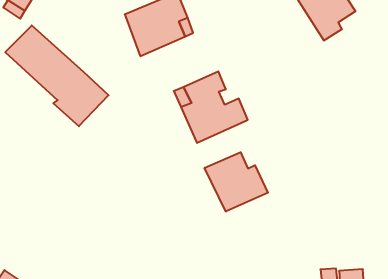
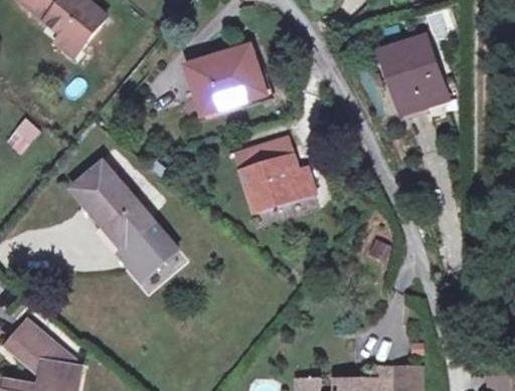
building: [5,25,109,126] -> [70,164,178,279]
building: [205,152,268,212] -> none

